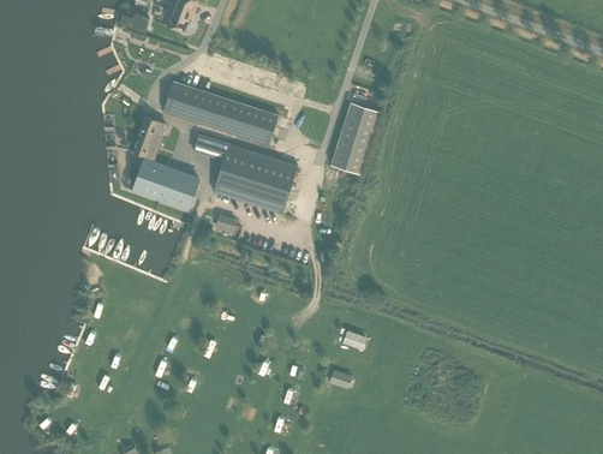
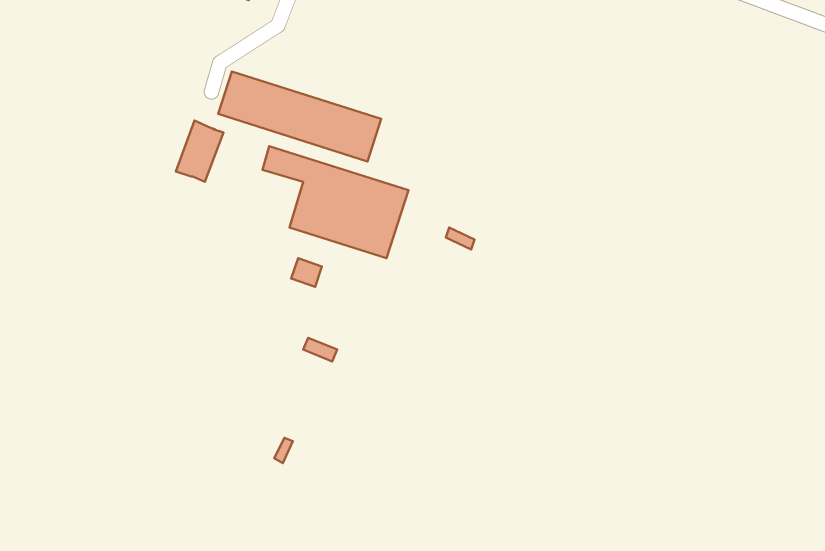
building: [332,102,380,174] -> none
building: [133,161,197,208] -> none

